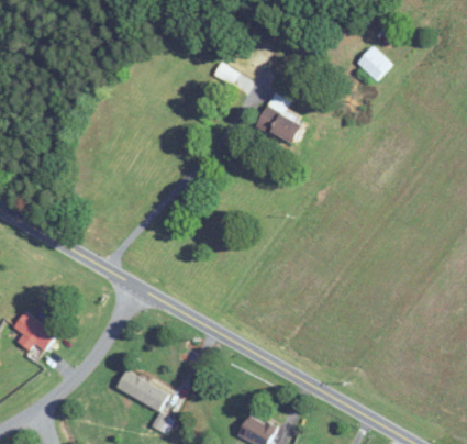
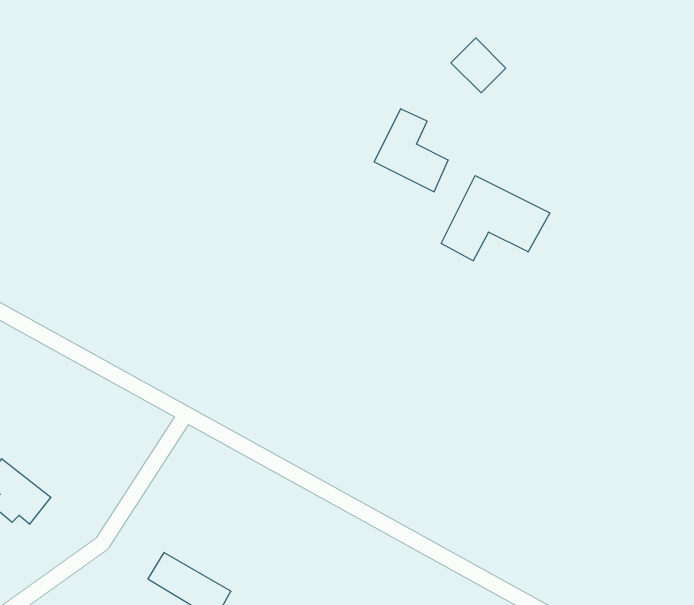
building: [356,47,390,81] -> [451,38,506,93]
building: none -> [441,176,550,261]

